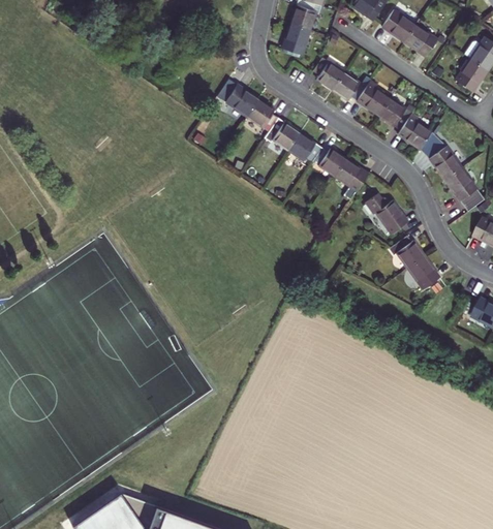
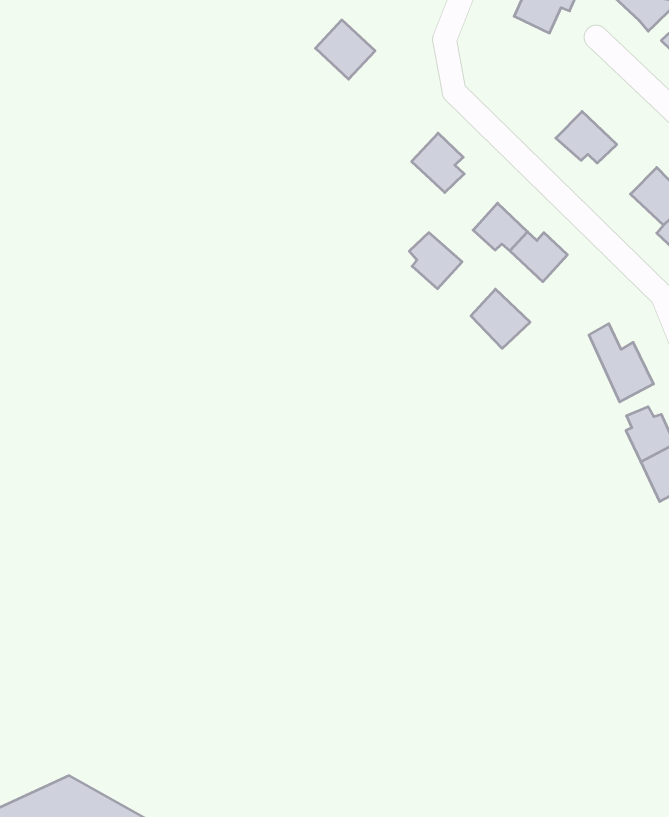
building: [287,26,316,59] -> none
building: [313,59,342,91] -> none
building: [356,81,390,116] -> none
building: [228,85,263,118] -> [315,20,375,79]
building: [272,120,303,151] -> [409,233,462,289]
building: [336,156,370,189] -> [471,289,530,348]

